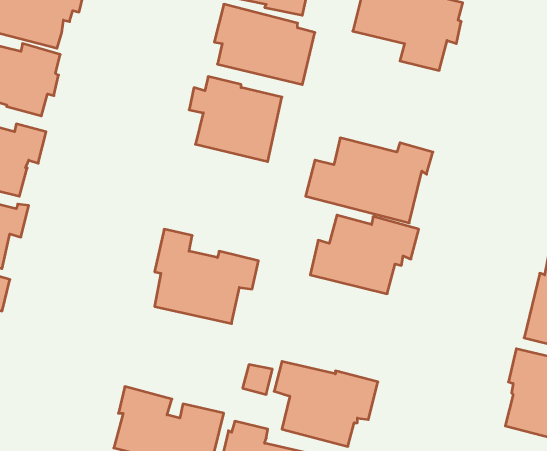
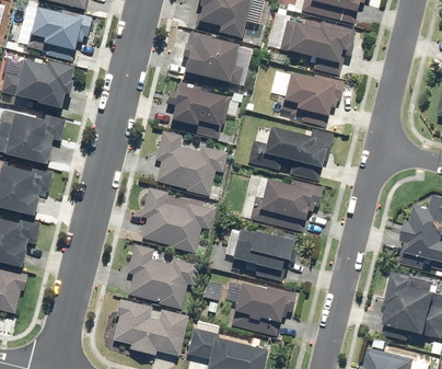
building: none -> [281,70,344,129]
building: none -> [153,129,228,196]
building: none -> [223,223,295,282]
building: none -> [126,243,199,310]

